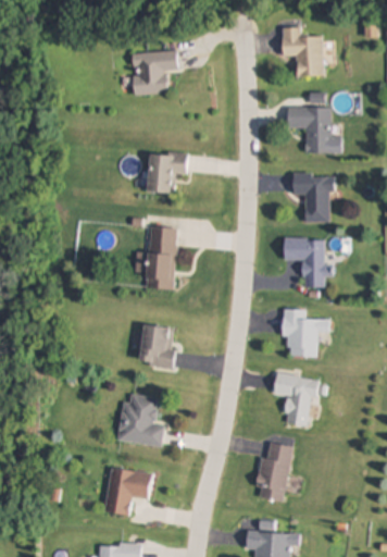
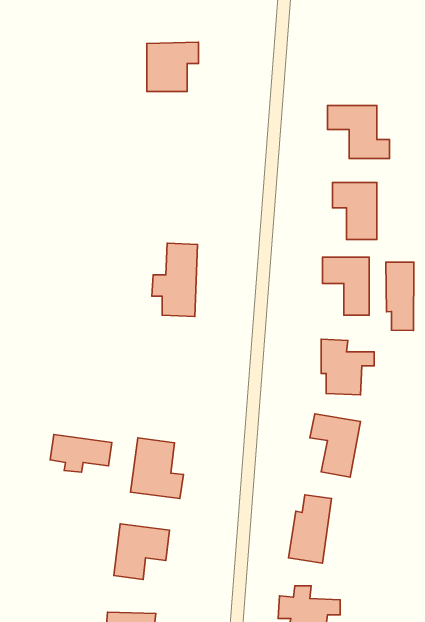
building: [283,27,324,77] -> none
building: [149,152,187,191] -> none
building: none -> [386,262,414,330]
building: [141,324,174,366] -> none
building: none -> [50,434,112,472]

